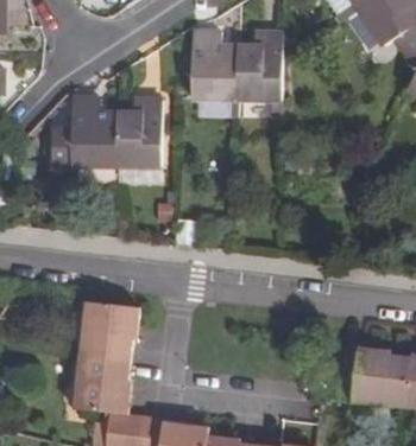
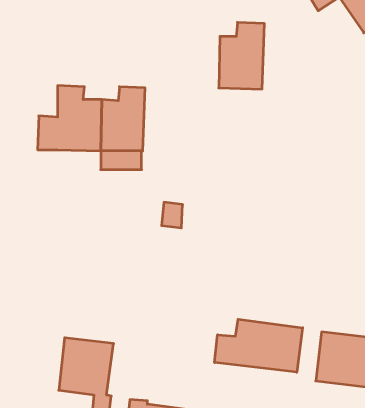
building: [193,32,238,100] -> none
building: [80,301,137,359] -> none
building: none -> [215,319,303,372]

